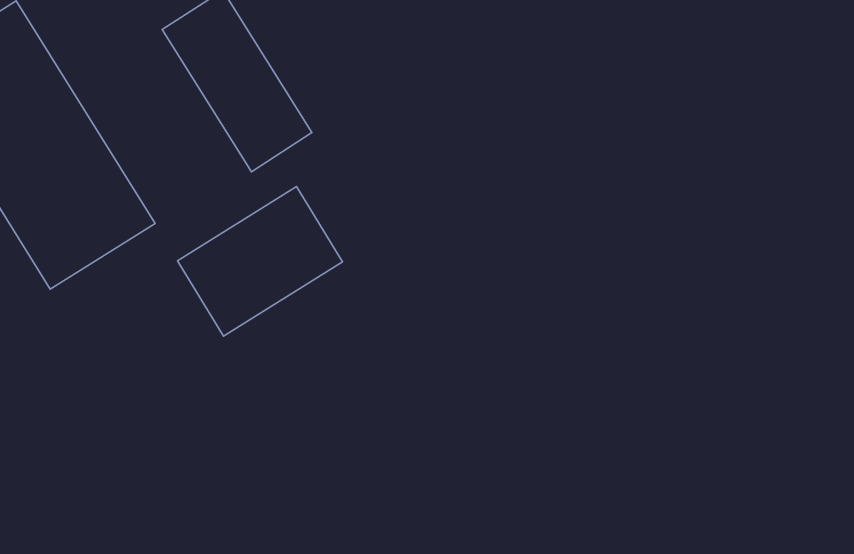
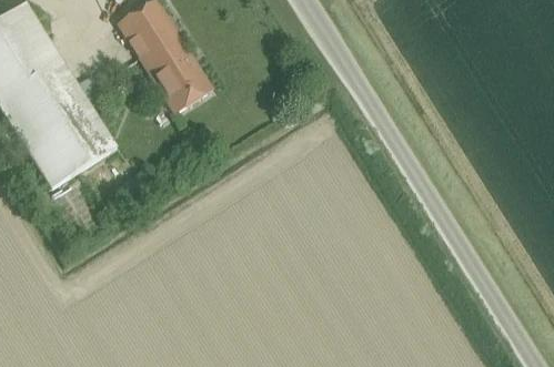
building: [178,187,342,336] -> none

